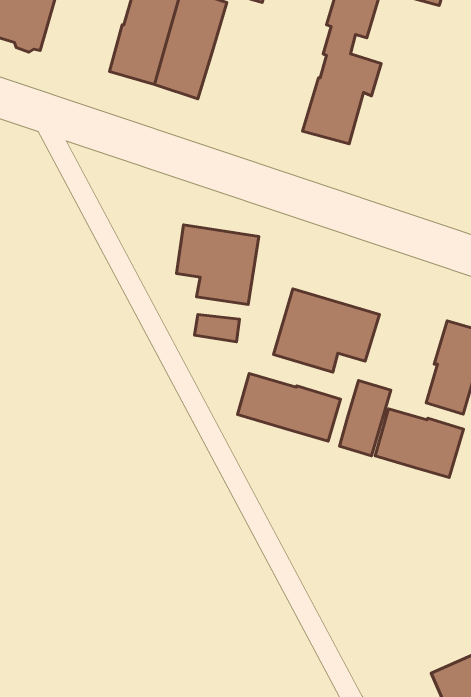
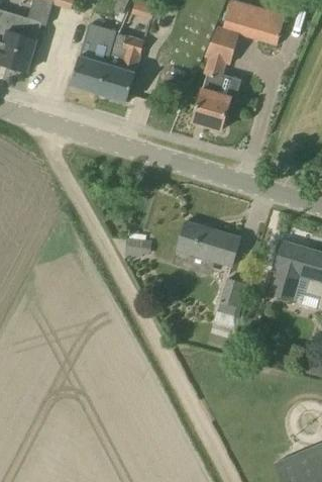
building: [176,225,259,305] -> none
building: [238,374,341,441] -> none
building: [375,409,463,478] -> none

